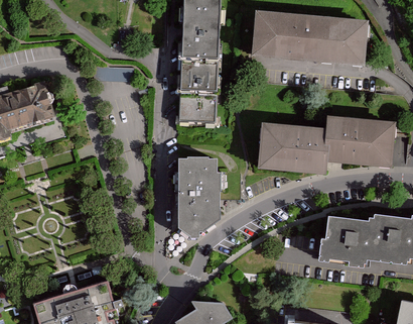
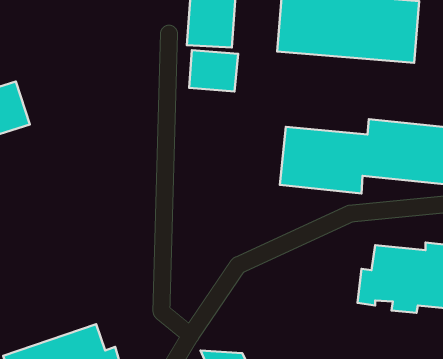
building: [181,94,218,121] -> none
building: [176,157,219,236] -> none

